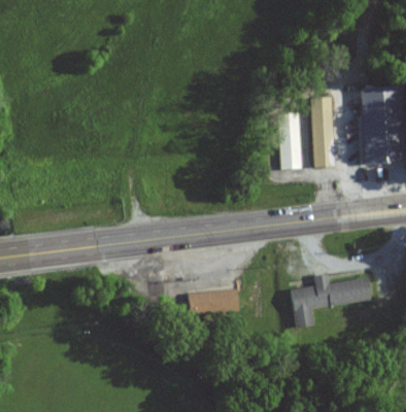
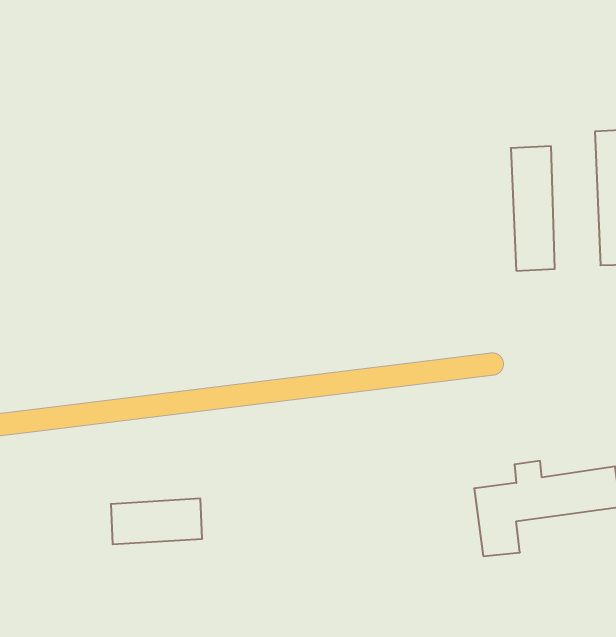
building: [278,113,302,170] -> none
building: [187,289,238,315] -> [111,499,202,544]

